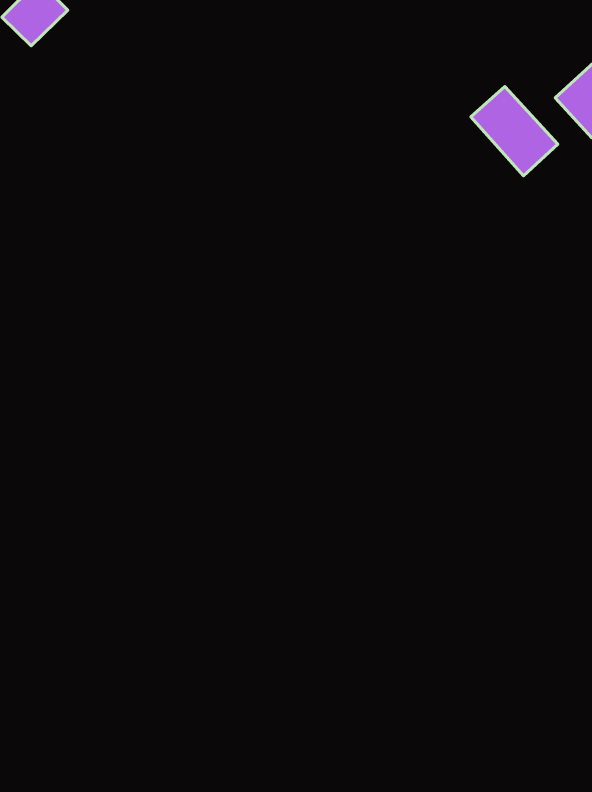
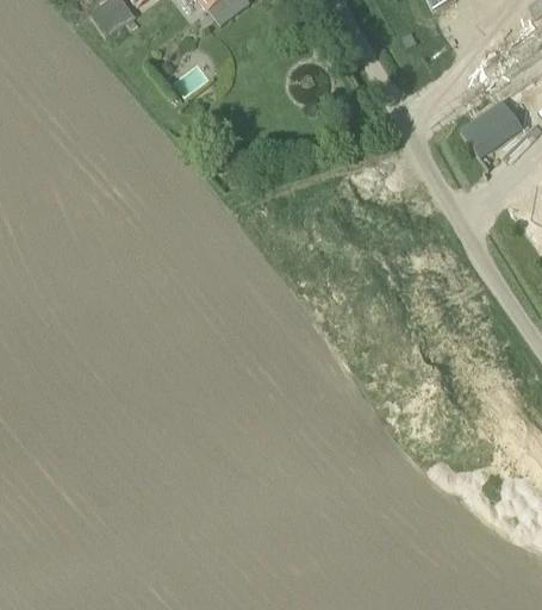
building: [471,87,558,176] -> none

